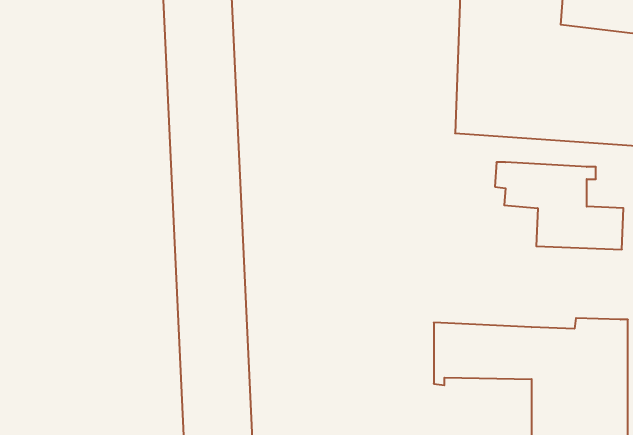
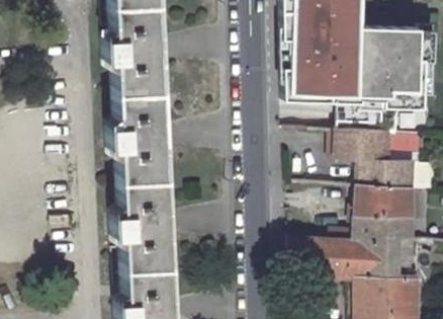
building: none -> [353,183,413,238]

